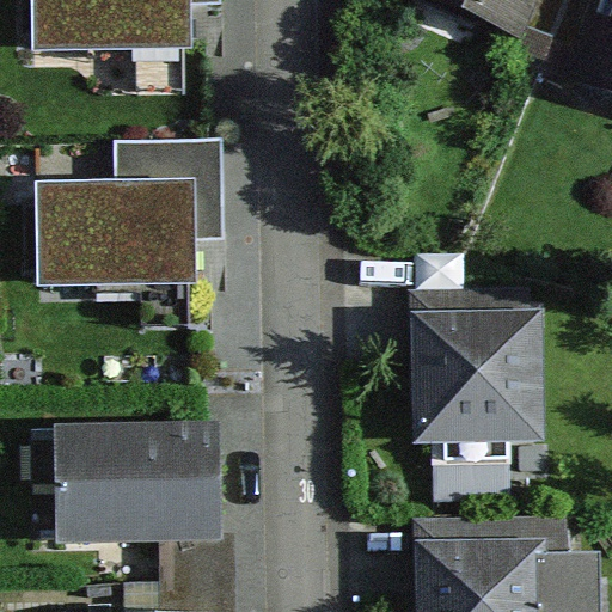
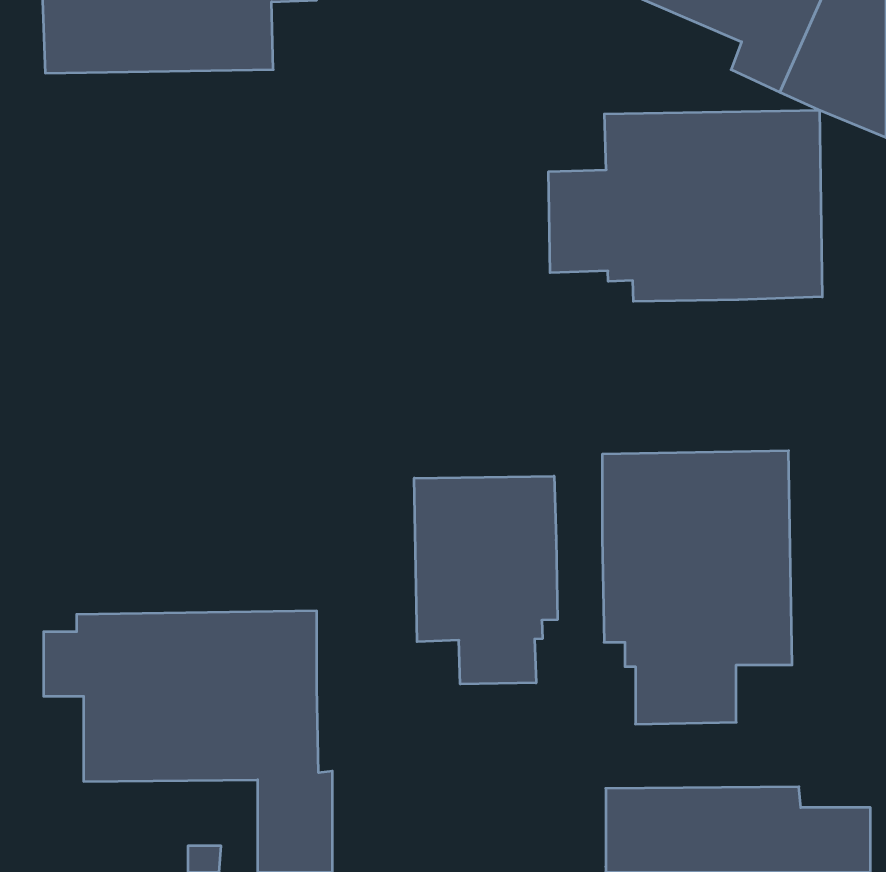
building: none -> [549,110,822,301]
building: [33,130,221,288] -> none
building: none -> [414,476,557,684]

